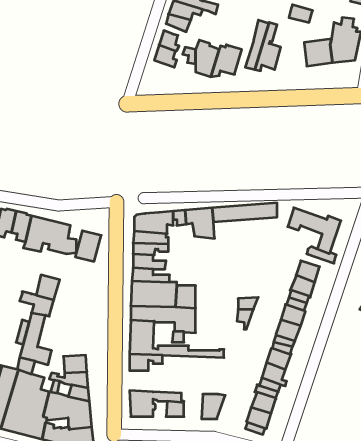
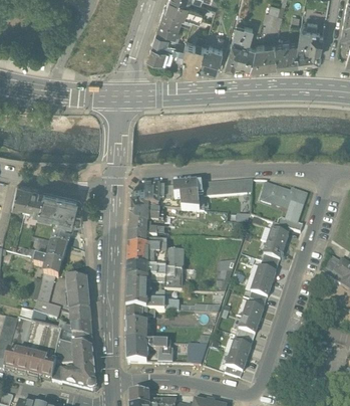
building: none -> [250,40,277,65]
building: [75,231,101,261] -> [51,218,73,244]
building: none -> [66,276,89,310]
building: none -> [126,322,146,340]

